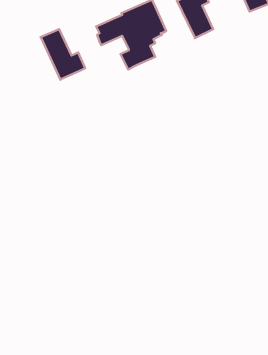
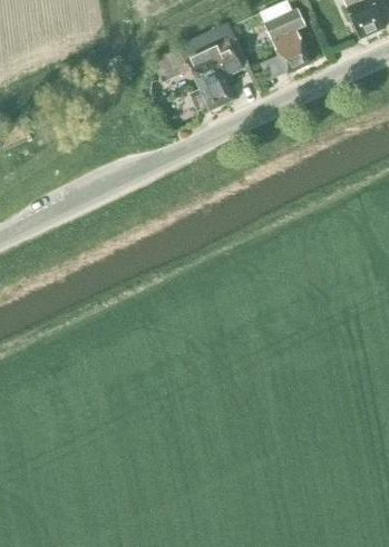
building: [40,29,85,80] -> none

